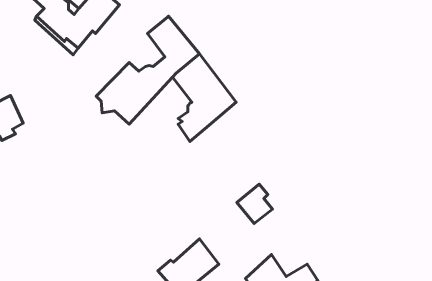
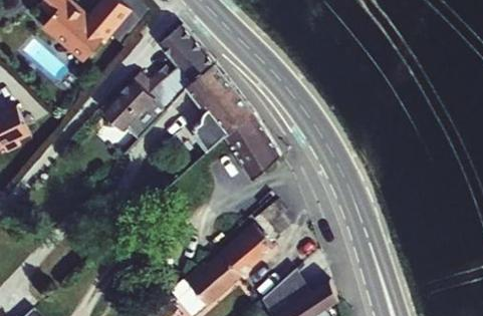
building: none -> [224,113,279,181]
building: none -> [214,224,273,282]

